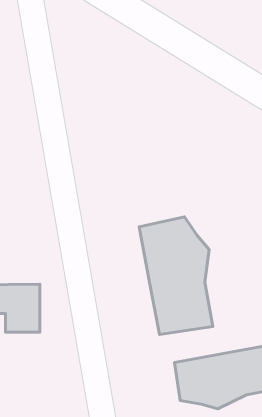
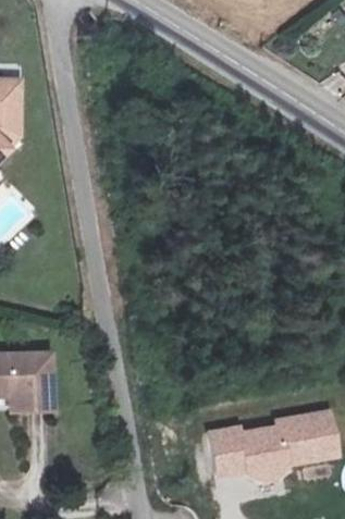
building: [139,217,213,334] -> none

